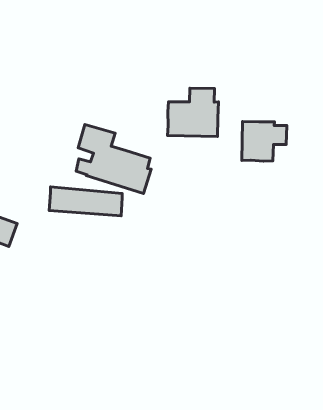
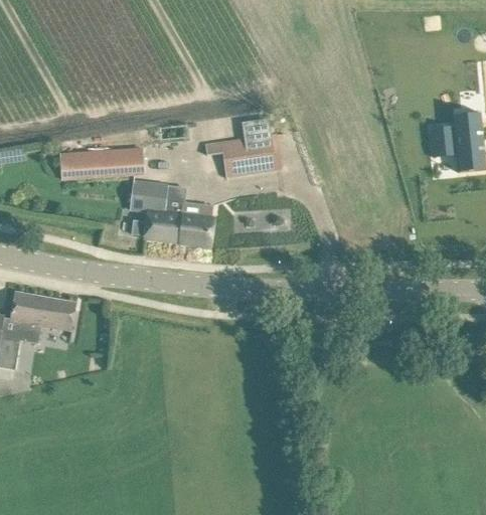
building: [242,122,287,161] -> none
building: [49,187,122,216] -> [61,148,145,180]

